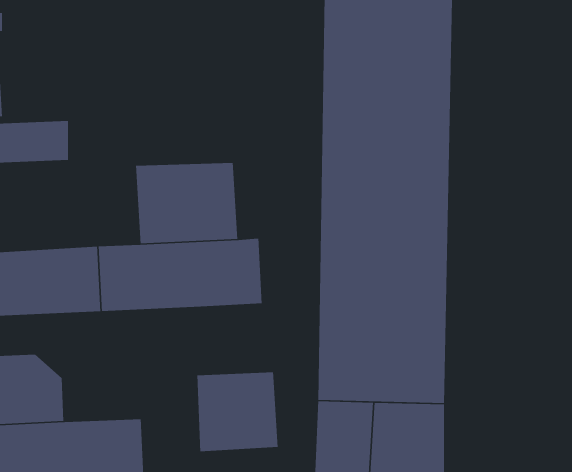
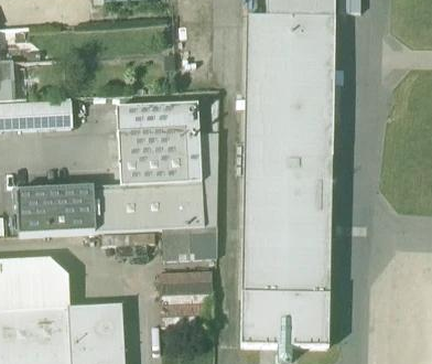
building: none -> [116,100,201,180]
building: none -> [162,224,217,258]

